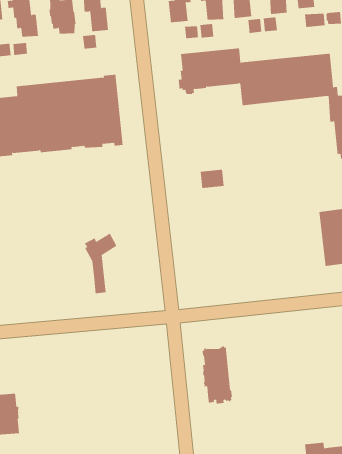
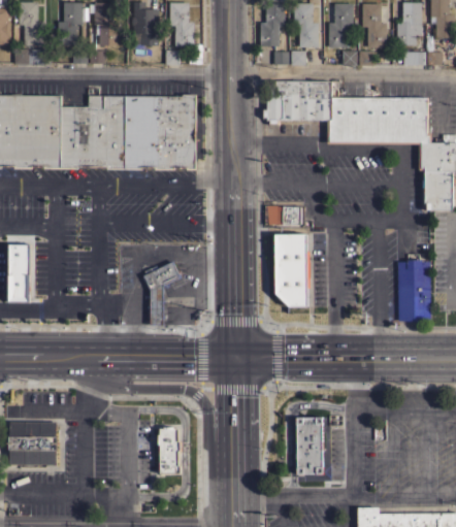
building: none -> [273,234,310,306]
building: [202,346,233,404] -> [294,416,324,476]
building: none -> [158,427,181,473]

